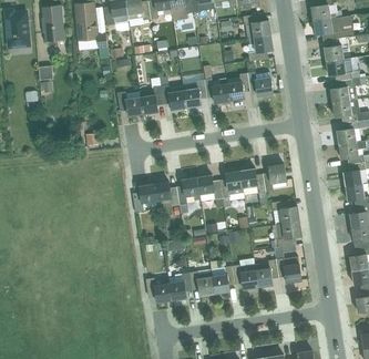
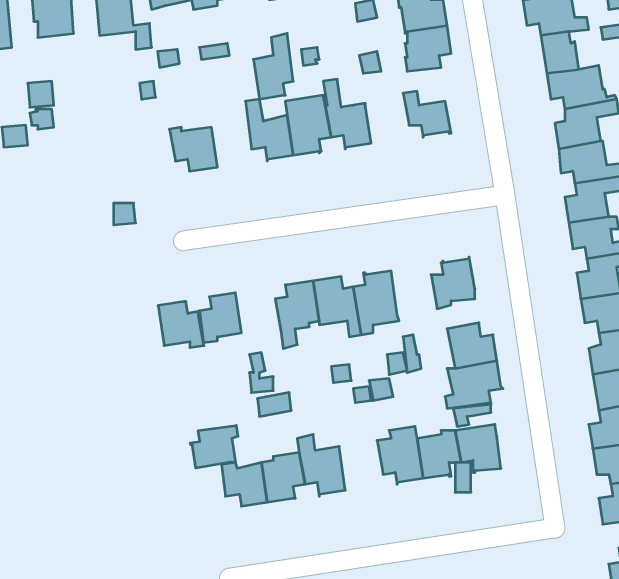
building: [225,72,249,100] -> none
building: [140,76,162,113] -> [253,33,293,99]
building: [239,167,266,204] -> none
building: [153,181,178,206] -> [158,302,204,348]
building: none -> [190,425,238,468]
building: [211,265,235,293] -> none

